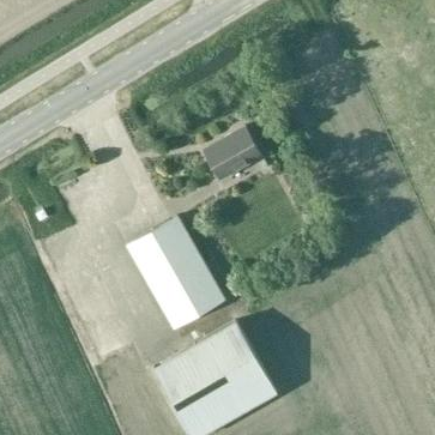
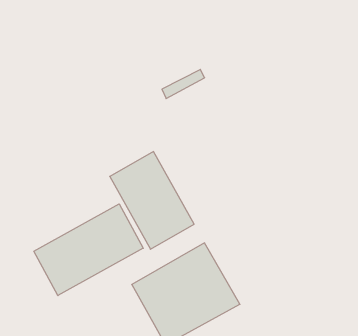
building: [204,129,261,182] -> none
building: none -> [34,204,143,296]

